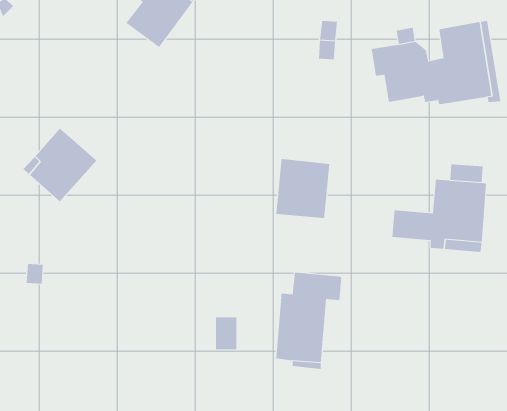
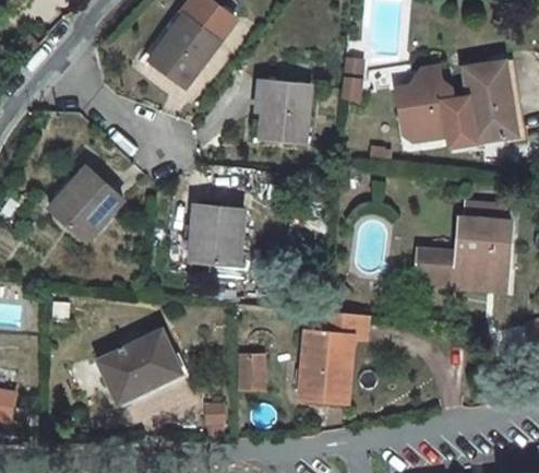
building: none -> [263,82,310,143]
building: [275,158,330,219] -> [189,205,243,265]
building: none -> [98,331,177,403]

